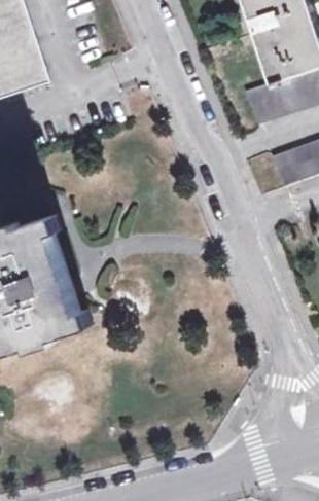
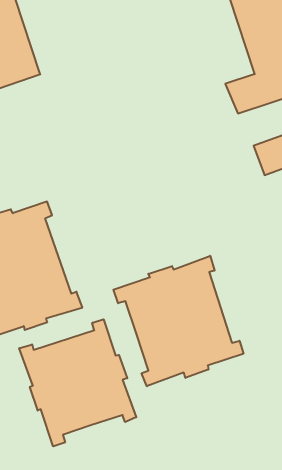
building: none -> [113,256,243,386]
building: none -> [19,319,136,446]

